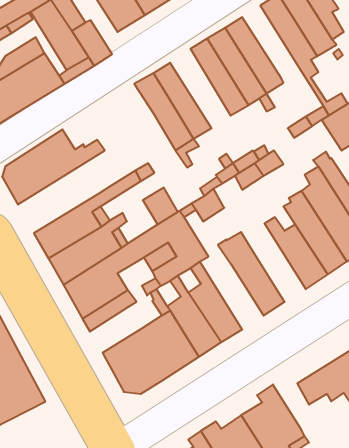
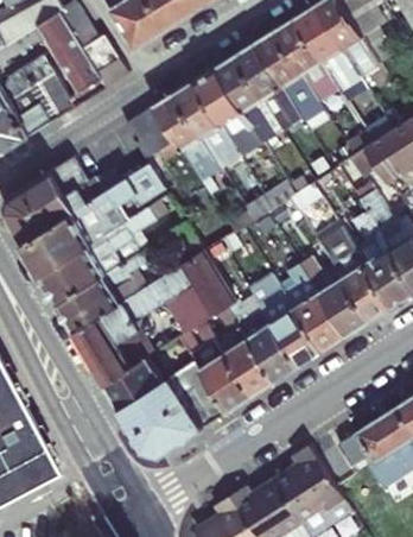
building: none -> [274,19,338,101]
building: none -> [193,68,261,157]
building: none -> [126,107,174,158]
building: none -> [23,164,165,274]
building: none -> [286,264,345,352]
building: none -> [227,301,298,383]
building: none -> [103,358,161,409]

